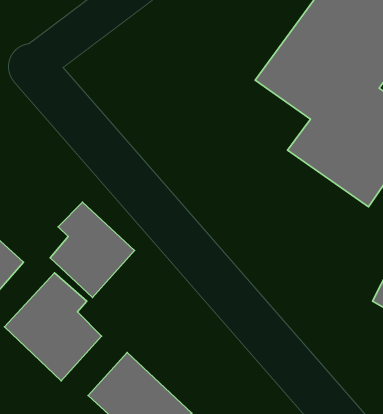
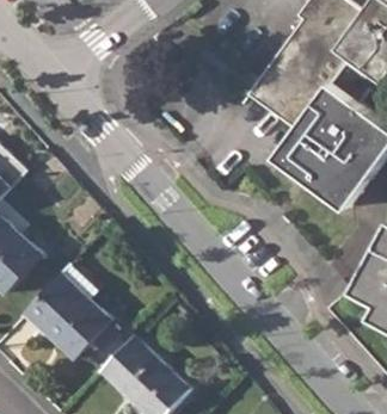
building: [50,202,134,297] -> none

